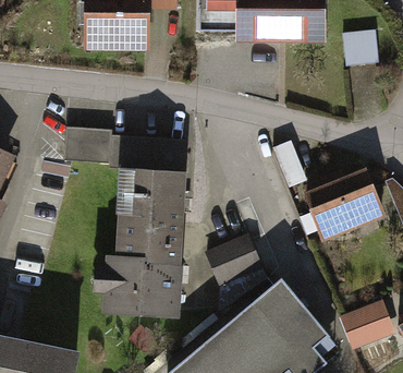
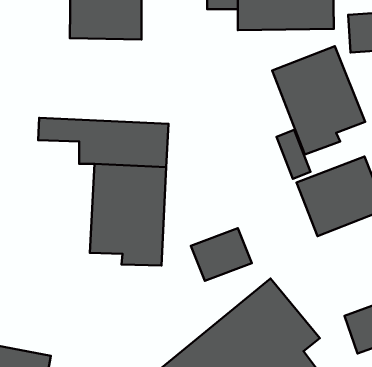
building: none -> [272,46,365,155]
building: [88,255,178,323] -> none

